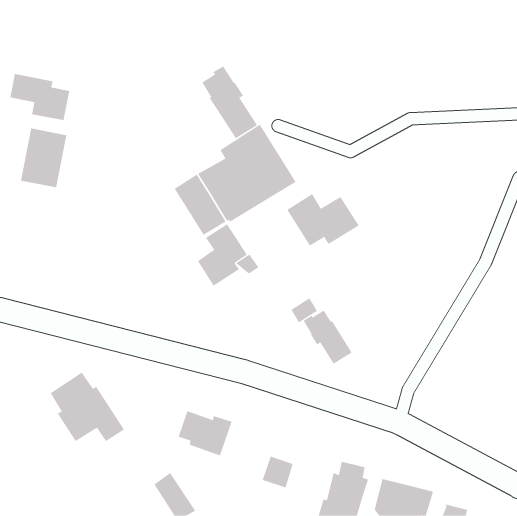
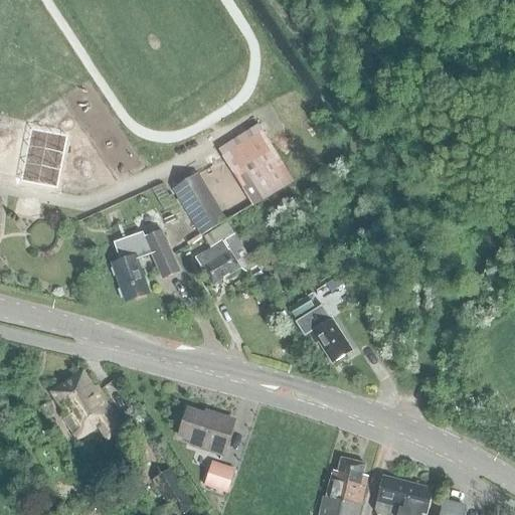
building: [201,66,258,139] -> none
building: [10,73,70,121] -> none
building: [286,193,359,246] -> none
building: none -> [111,228,179,301]
building: [262,456,293,488] -> [205,460,236,492]

